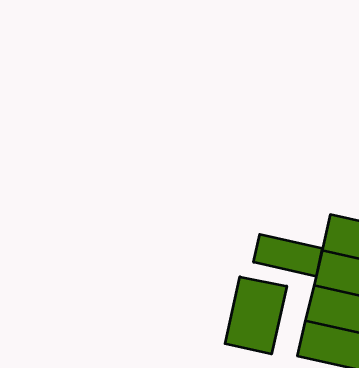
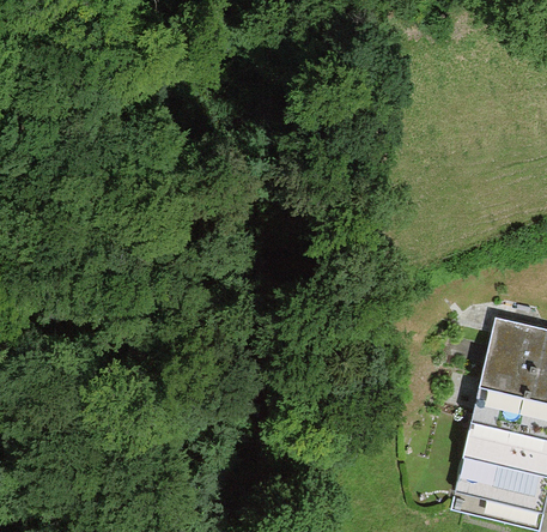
building: [254,234,322,276] -> none
building: [225,277,287,354] -> none

